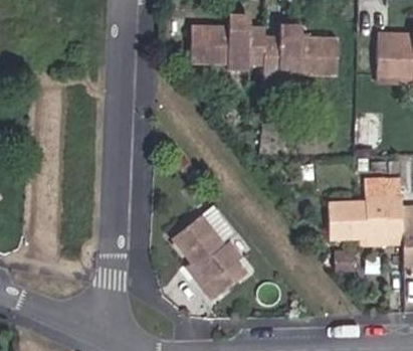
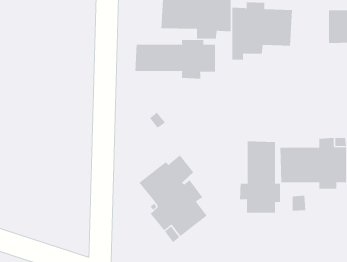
building: none -> [135,39,216,79]
building: none -> [240,141,280,214]

